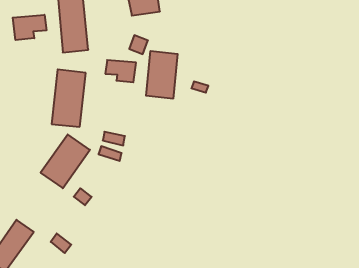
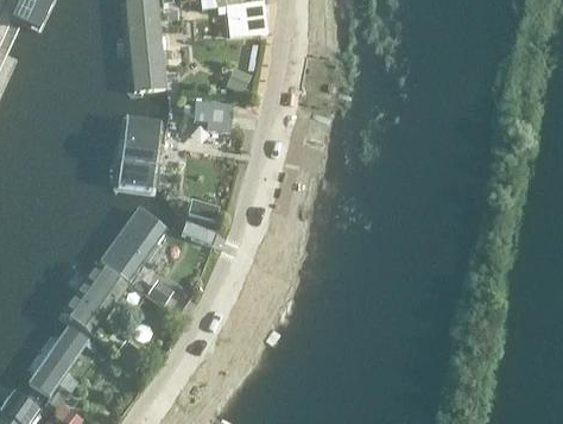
building: [13,15,46,40] -> none
building: [146,51,178,99] -> none
building: none -> [61,260,128,333]

